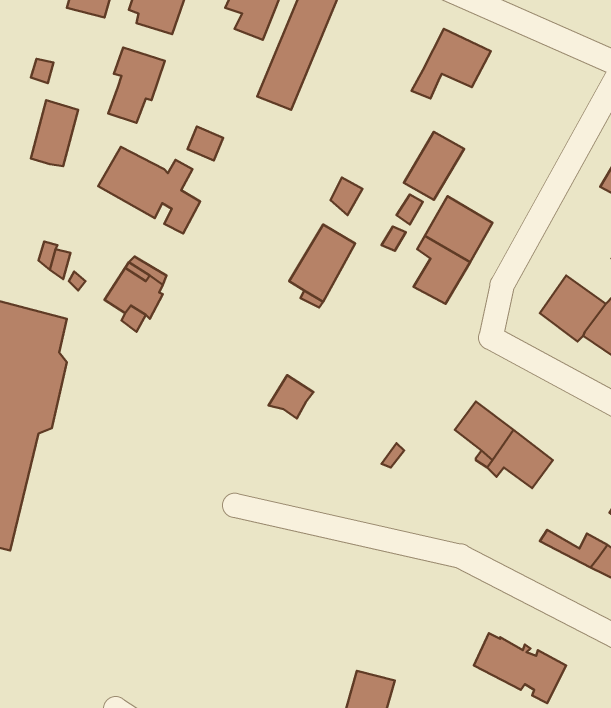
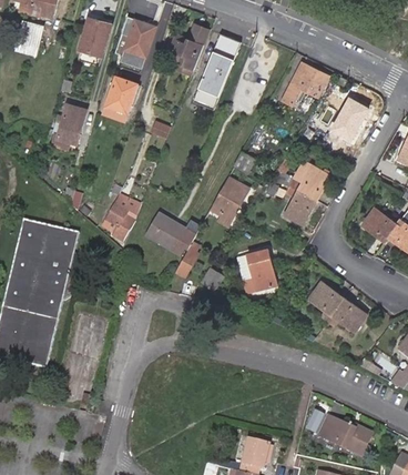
building: [404,132,464,200] -> [333,100,368,140]
building: [98,147,200,233] -> [141,218,201,269]
building: none -> [245,250,277,293]

